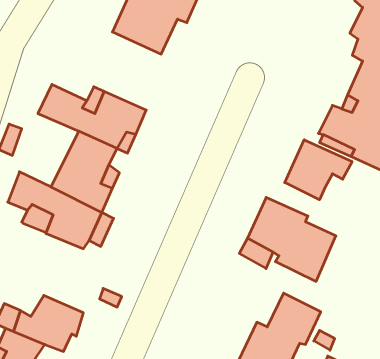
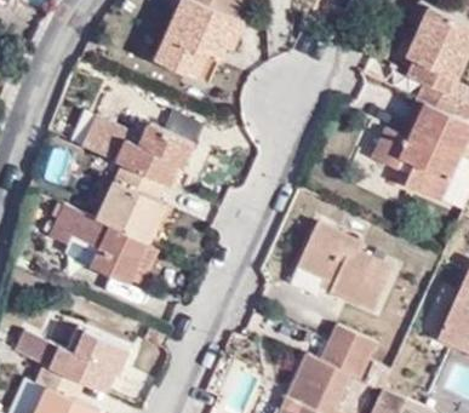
building: [285,140,352,200] -> none

